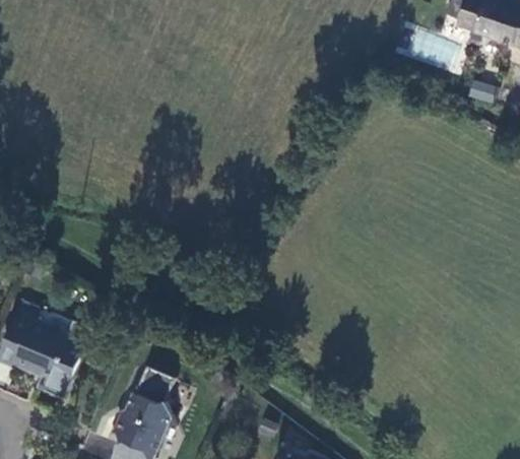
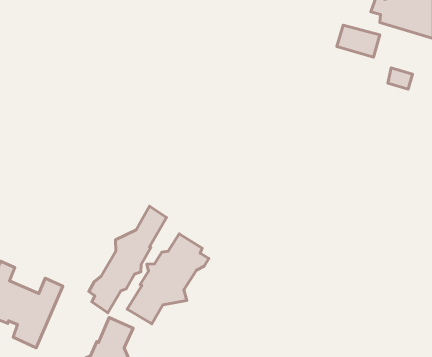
building: none -> [89,206,167,313]
building: none -> [127,234,209,324]

